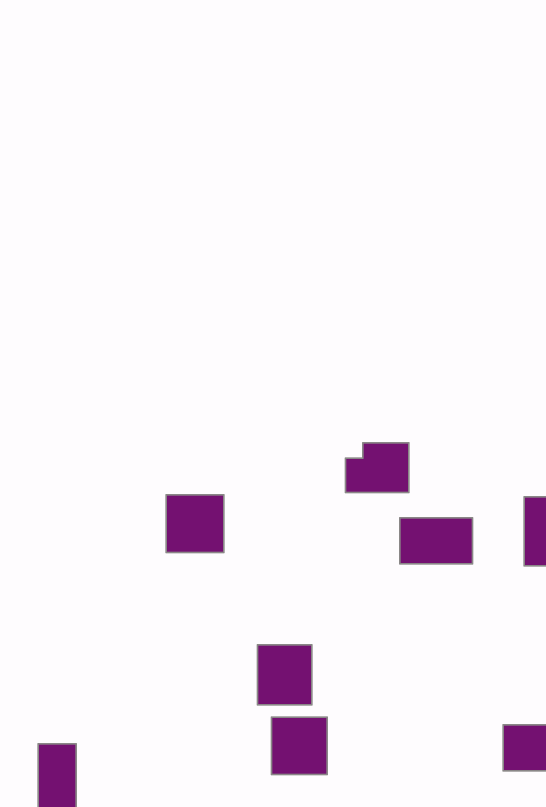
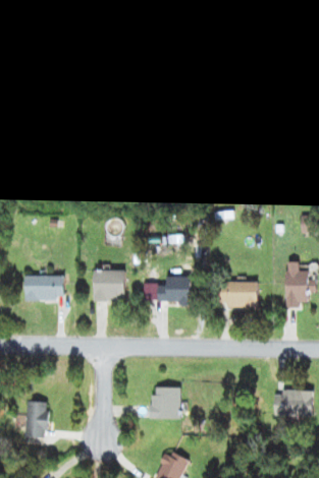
building: [346,443,409,493] -> [156,277,190,303]
building: none -> [24,276,63,300]
building: [257,645,312,705] -> none

